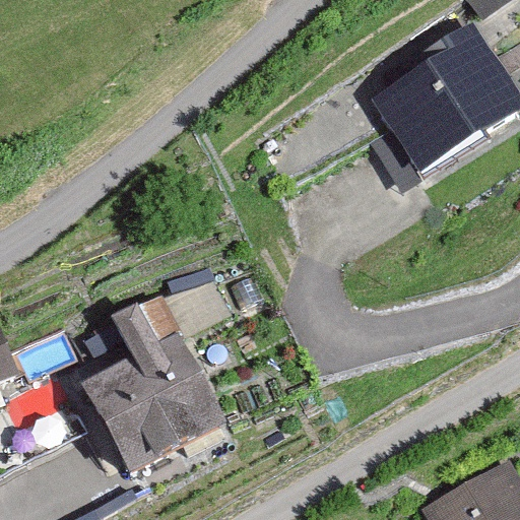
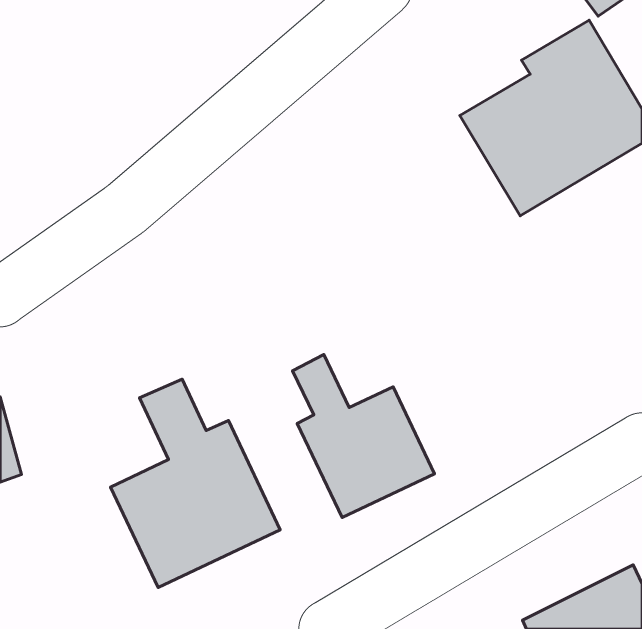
building: none -> [292,355,434,518]

